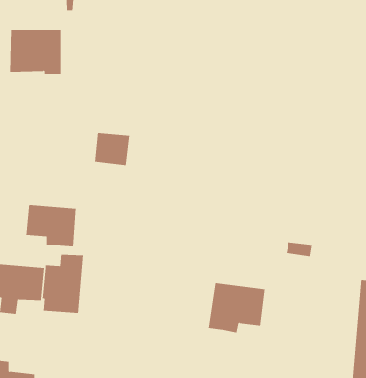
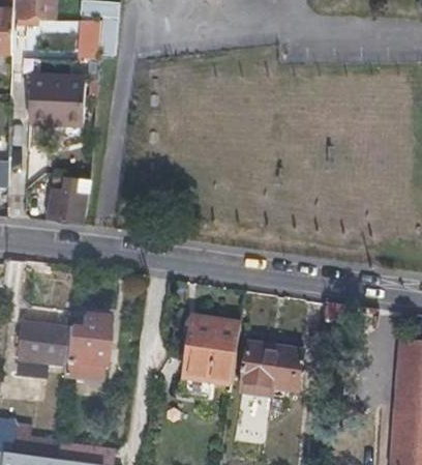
building: [94,132,130,166] -> [51,187,89,223]
building: [26,204,76,247] -> none
building: none -> [177,315,234,386]

